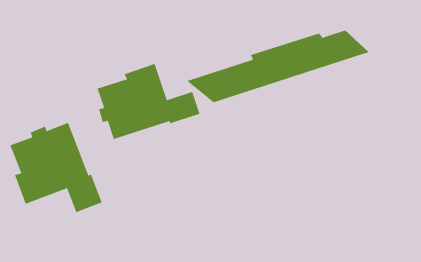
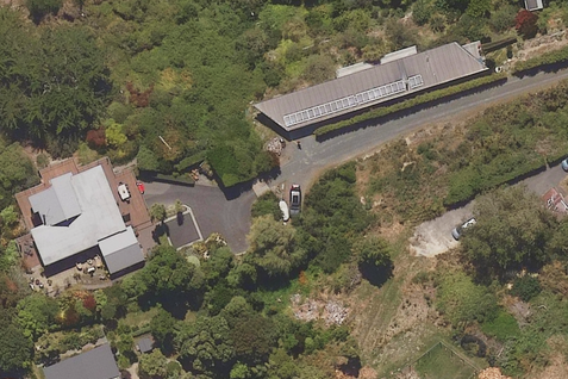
building: [97,63,200,140] -> none

